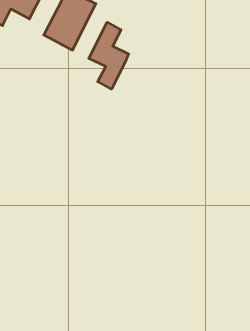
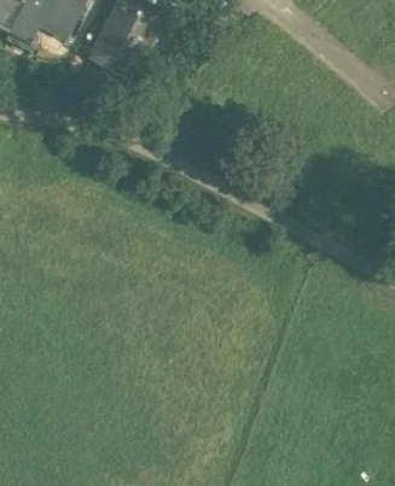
building: [89,22,129,89] -> none

